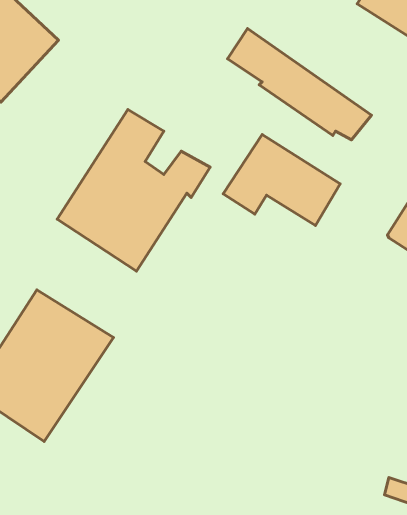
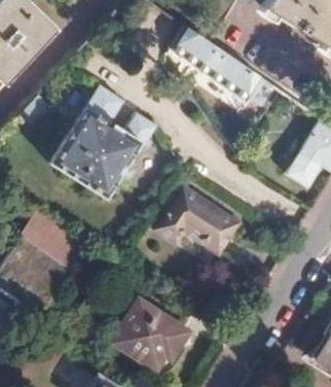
building: [223,135,340,226] -> [153,190,236,255]
building: none -> [114,285,196,366]

